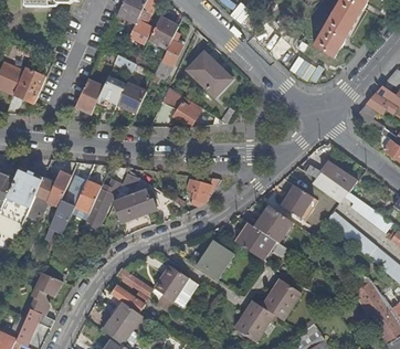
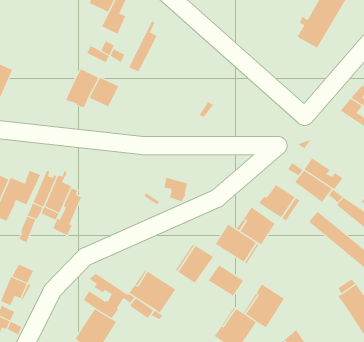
building: [148,17,178,47] -> none
building: [187,51,230,95] -> none
building: [73,78,103,114] -> none
building: [162,86,201,126] -> none
building: [114,188,156,222] -> none
building: none -> [208,264,244,297]

